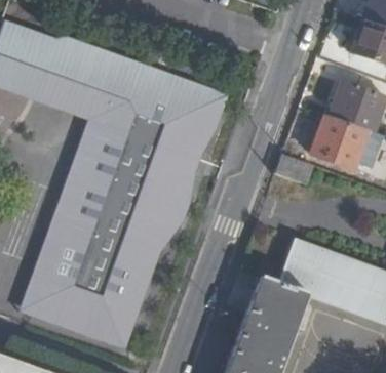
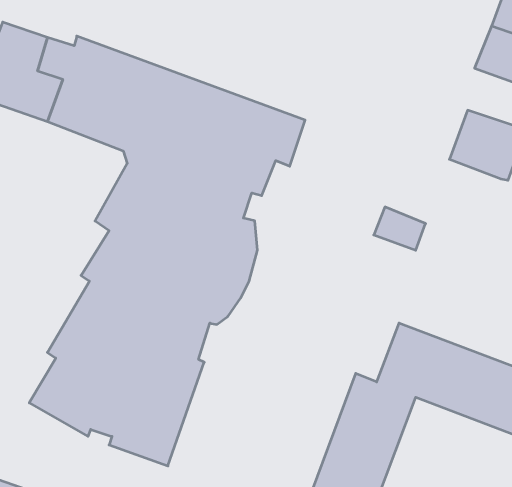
building: [312,117,370,171] -> none

